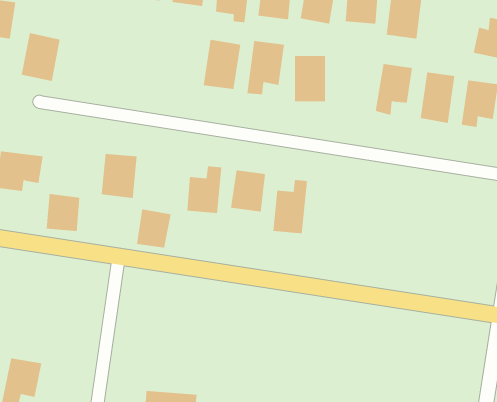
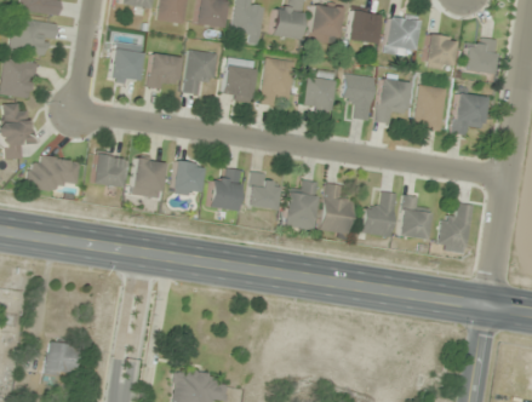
building: none -> [424,34,456,69]
building: none -> [185,50,218,94]
building: [21,33,61,82] -> [109,41,144,85]
building: none -> [148,53,181,90]
building: none -> [343,74,374,121]
building: none -> [321,184,353,235]
building: none -> [362,193,396,237]
building: [46,194,80,232] -> [93,154,124,188]
building: none -> [399,196,429,240]
building: none -> [439,205,473,254]
building: [136,209,172,248] -> [172,161,204,196]

